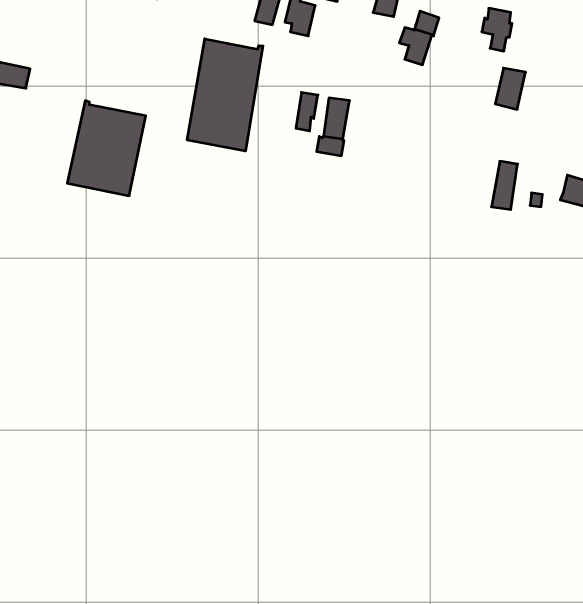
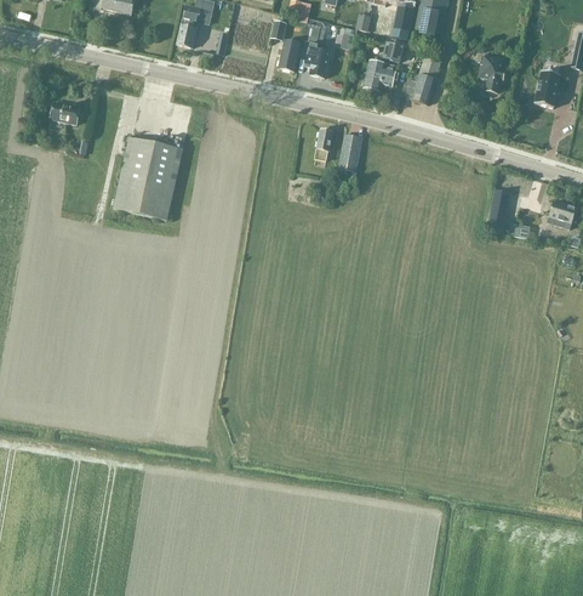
building: none -> [364,58,398,92]
building: [187,39,263,151] -> none
building: [495,68,526,109] -> [535,70,561,107]

